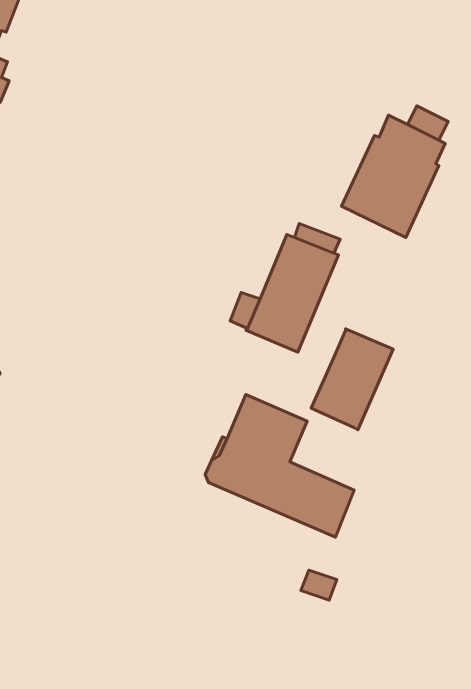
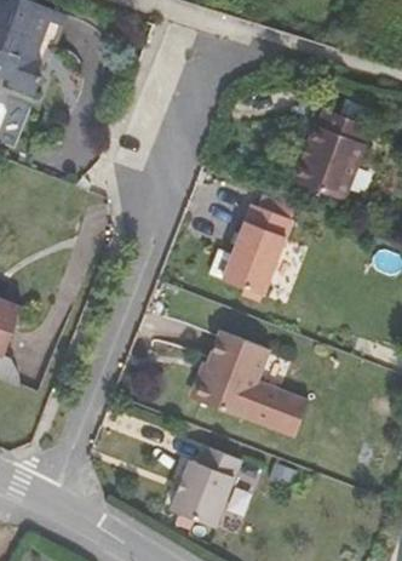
building: [311,329,393,430] -> none
building: none -> [166,443,239,525]

